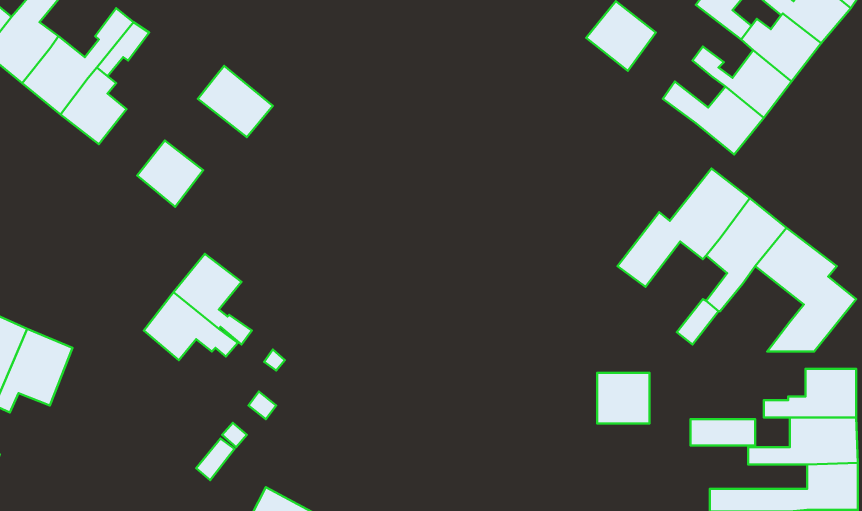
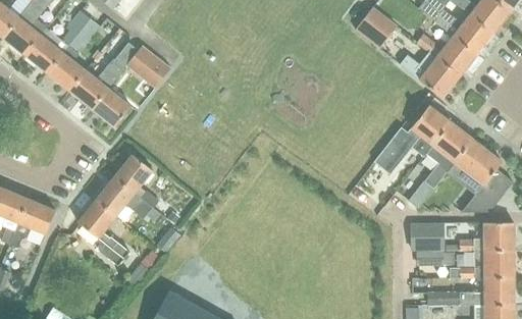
building: none -> [69,42,139,108]
building: none -> [77,199,128,266]
building: [597,373,649,423] -> [412,221,442,251]

